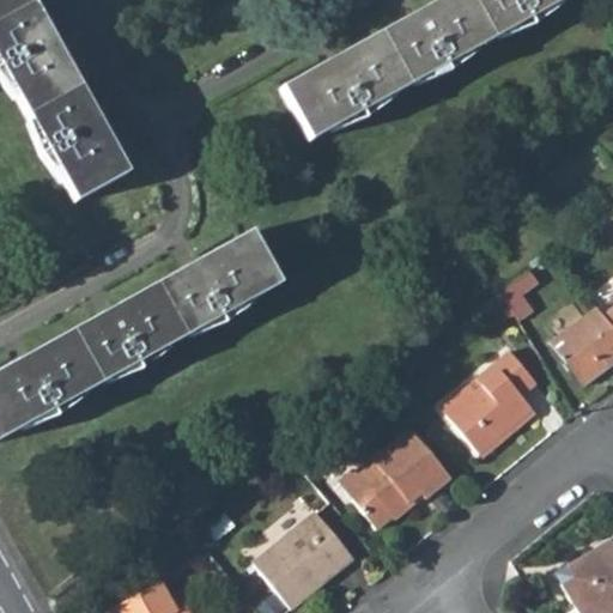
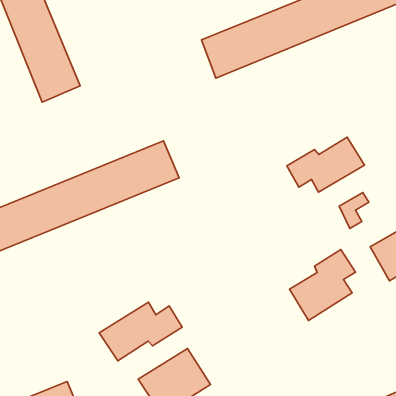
building: none -> [287,137,364,192]
building: [341,431,454,532] -> none
building: none -> [99,302,182,361]

